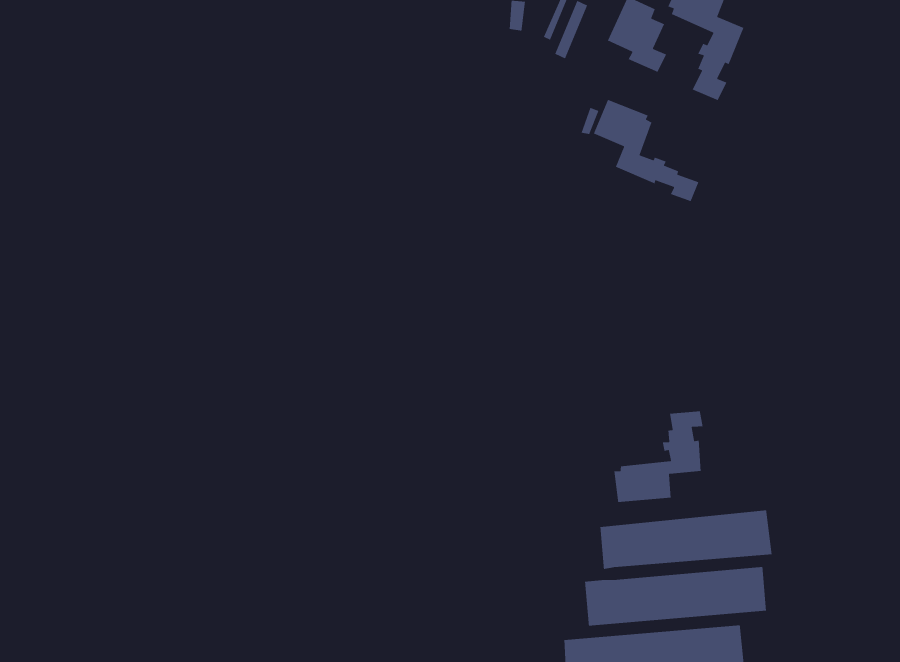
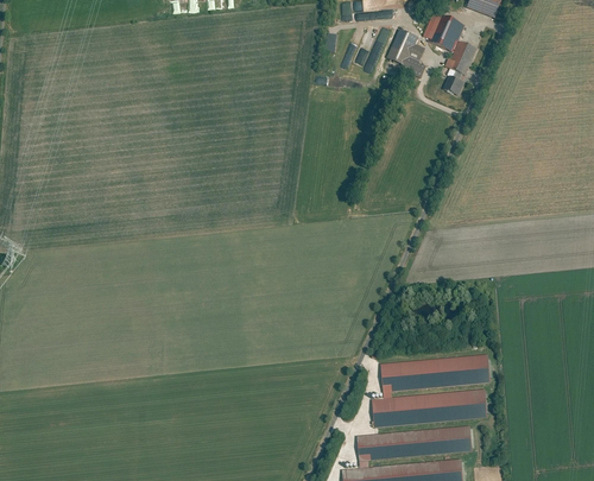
building: [593,99,699,202] -> none
building: [613,410,704,503] -> none

